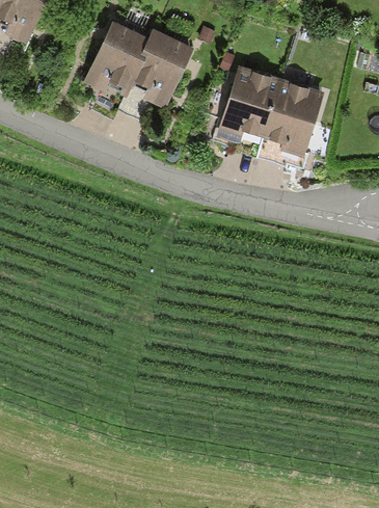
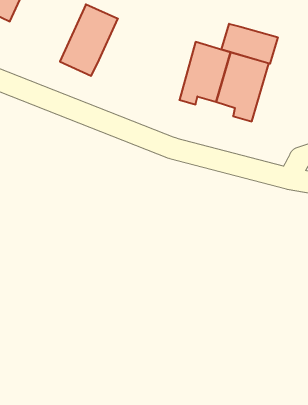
building: [123,31,187,109] -> none
building: none -> [222,24,278,64]

